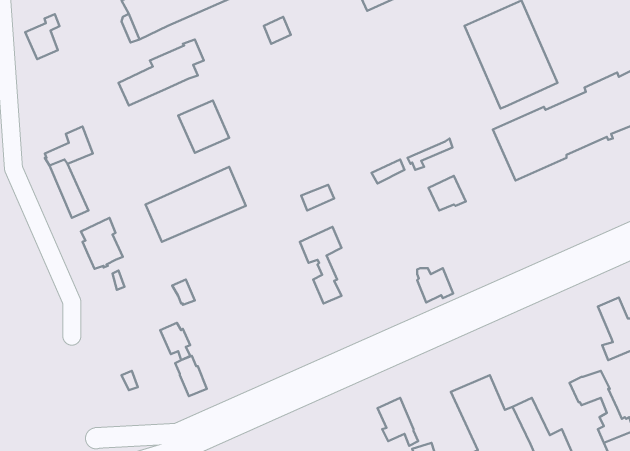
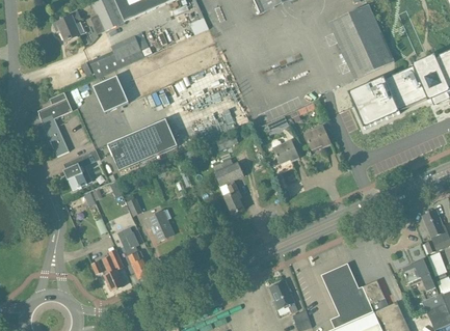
building: [25,14,59,59] -> [57,10,81,42]
building: [178,100,229,153] -> [94,76,129,112]
building: [417,268,453,303] -> [273,140,298,164]
building: none -> [145,209,174,241]
building: none -> [103,249,125,292]

